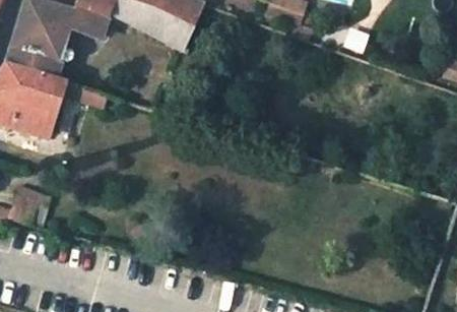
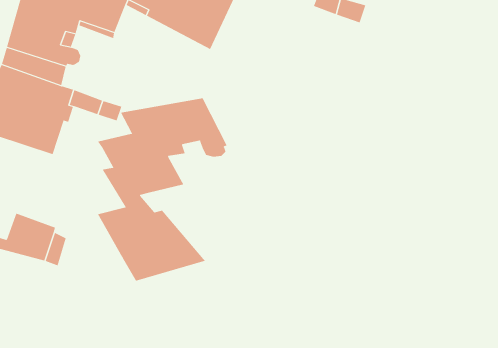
building: none -> [97,97,228,282]

